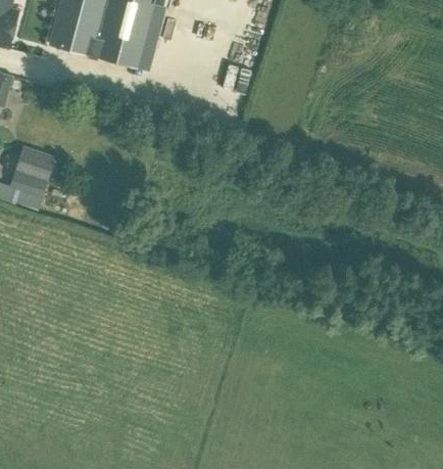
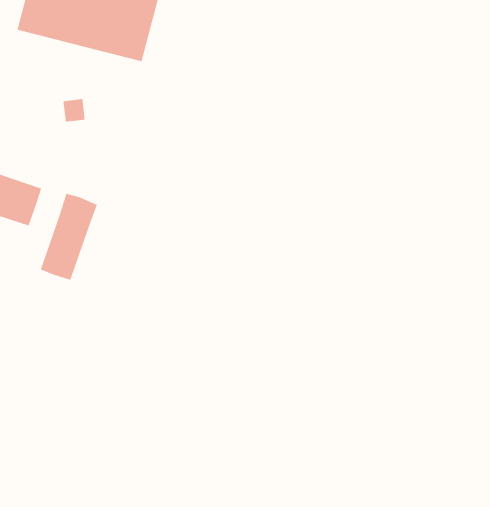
building: none -> [40,193,98,281]

